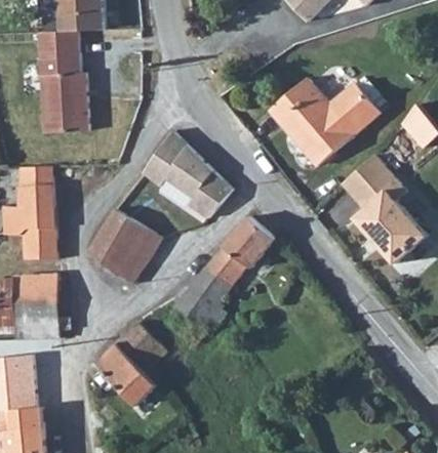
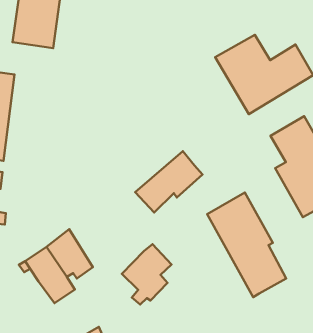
building: [145,130,232,216] -> none
building: [85,209,161,284] -> none
building: none -> [207,192,286,297]
building: [175,271,228,338] -> [122,244,172,305]

